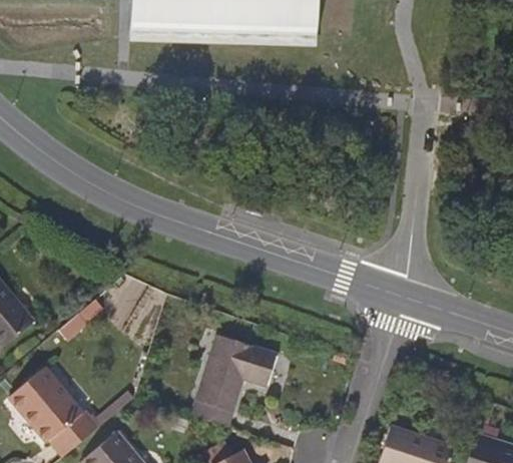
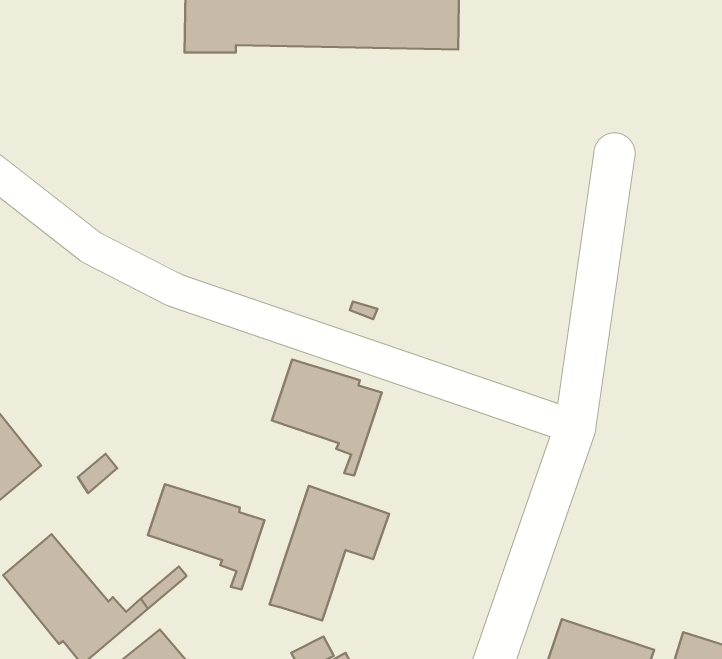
building: none -> [272,360,382,475]
building: none -> [148,484,265,589]

